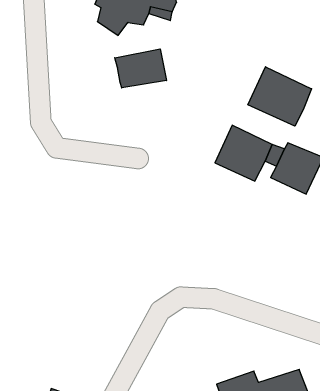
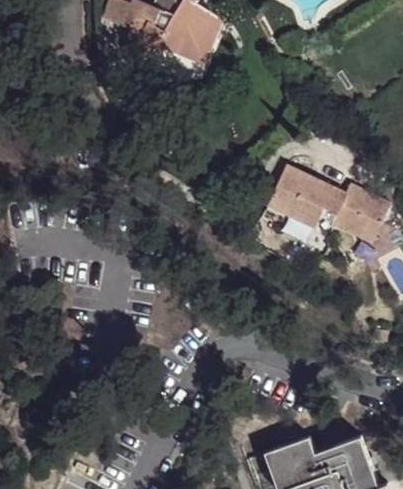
building: [115,49,166,88] -> none
building: [248,67,312,126] -> none

